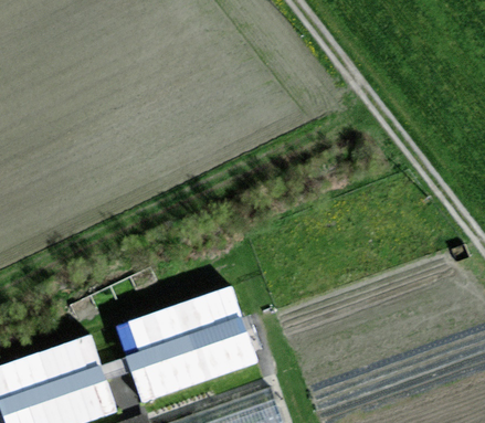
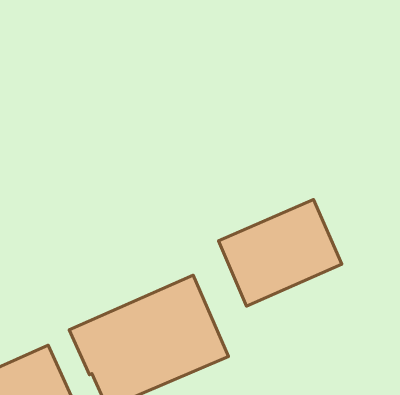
building: none -> [219,200,342,306]

